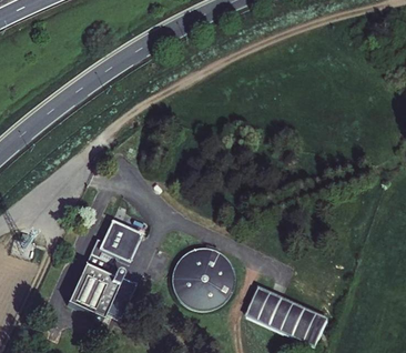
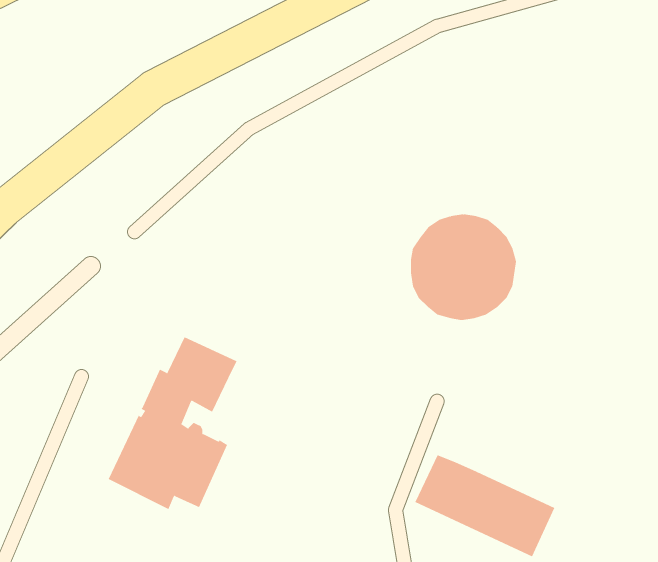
building: [172,249,234,311] -> [410,214,517,321]

